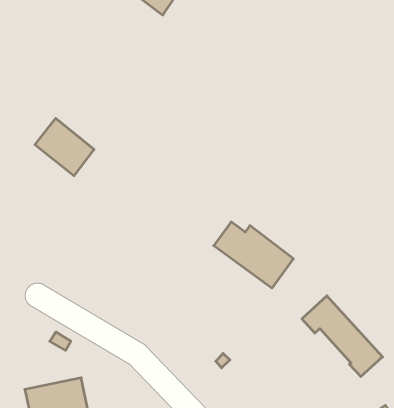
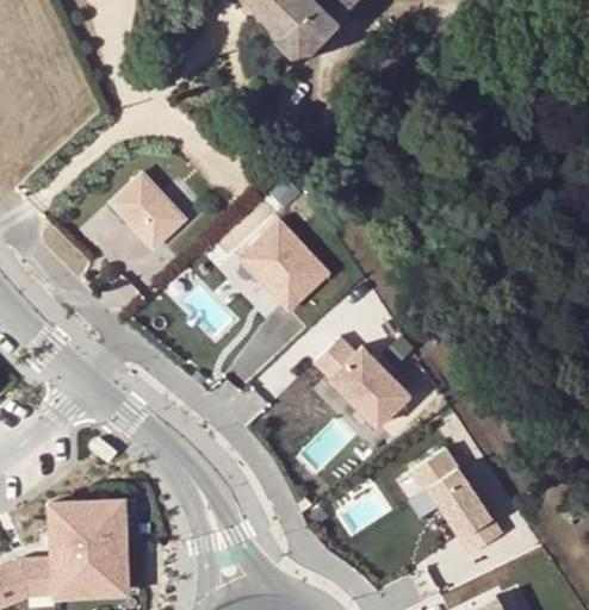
building: none -> [238,219,329,311]

